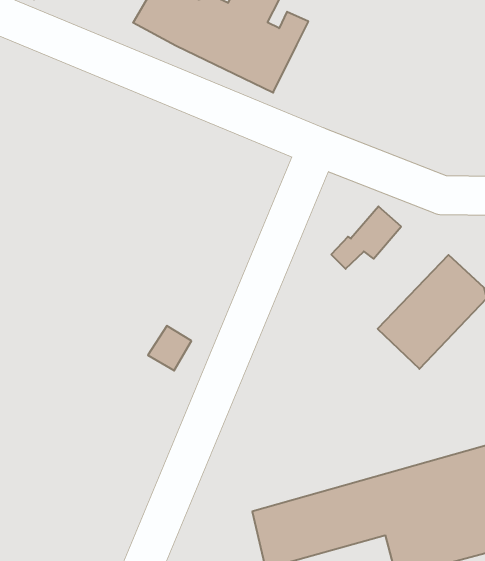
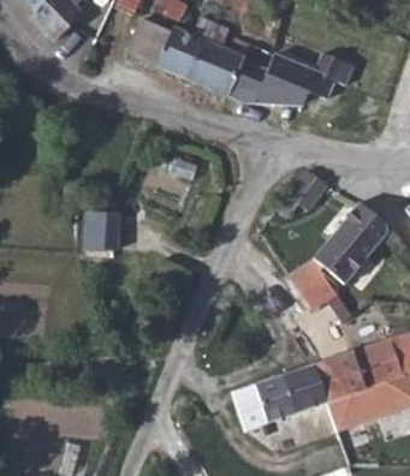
building: none -> [230,53,355,103]
building: none -> [85,212,119,249]
building: none -> [290,257,344,310]

